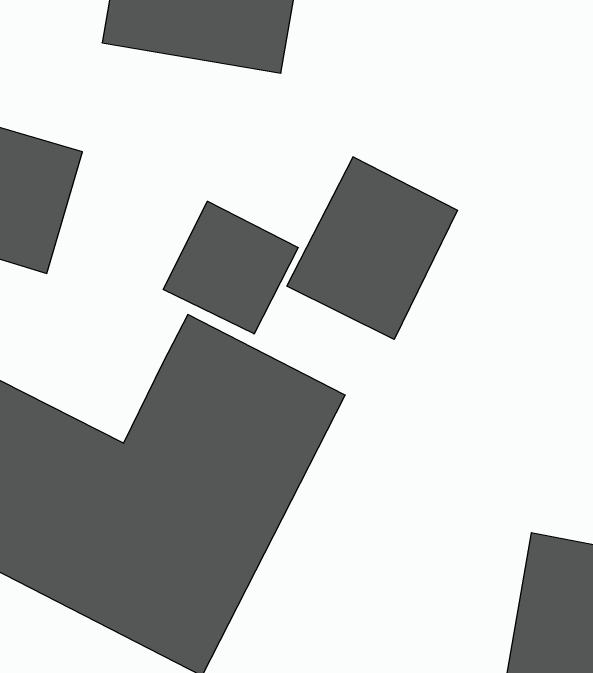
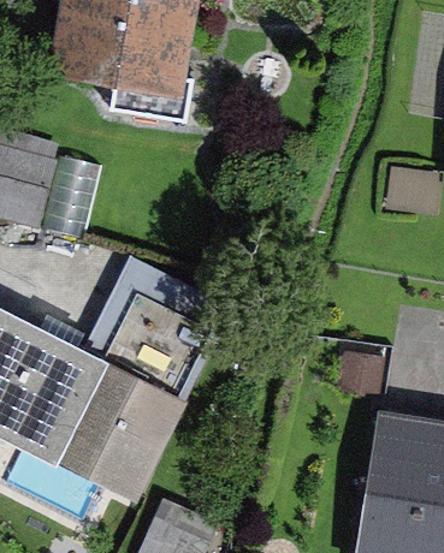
building: [287,157,457,339] -> none
building: [163,201,298,334] -> none

